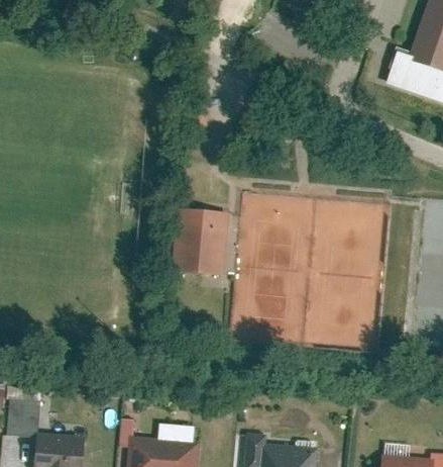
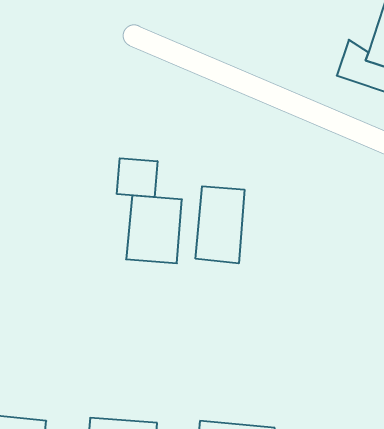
building: none -> [117,158,157,197]
building: none -> [196,186,244,263]

